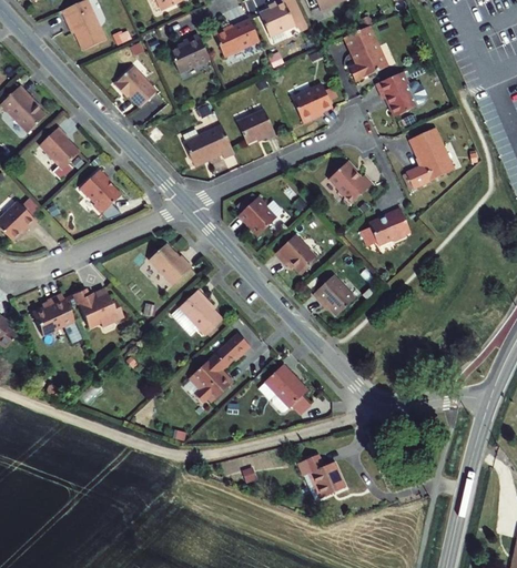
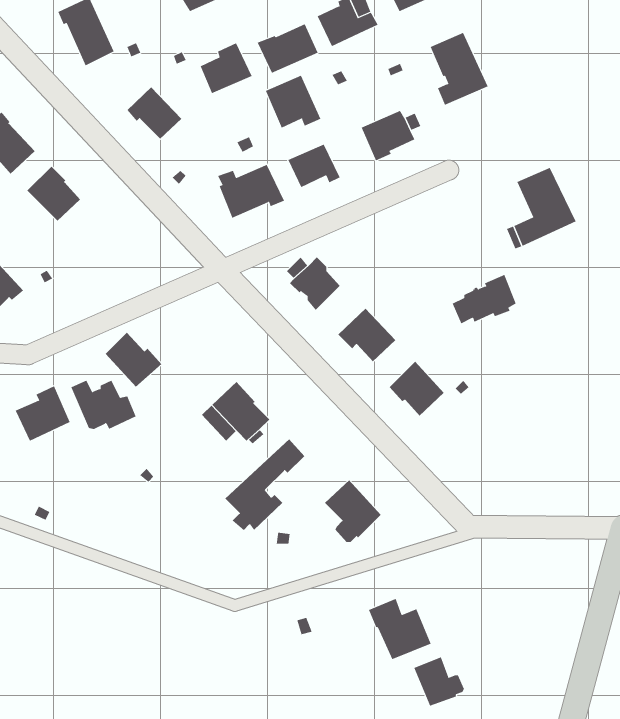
building: none -> [265,75,321,129]
building: [376,72,418,116] -> none
building: [328,160,373,205] -> none
building: [79,169,121,214] -> none
building: [149,243,192,285] -> [105,332,162,387]
building: none -> [414,656,465,707]

